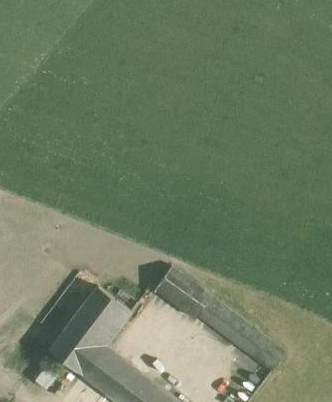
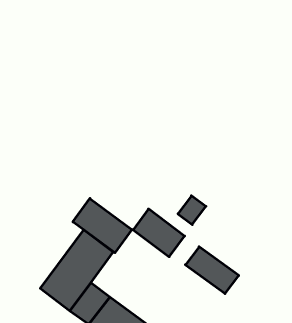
building: none -> [73,198,132,253]
building: [194,294,225,326] -> [178,196,206,225]
building: [254,338,286,370] -> none

